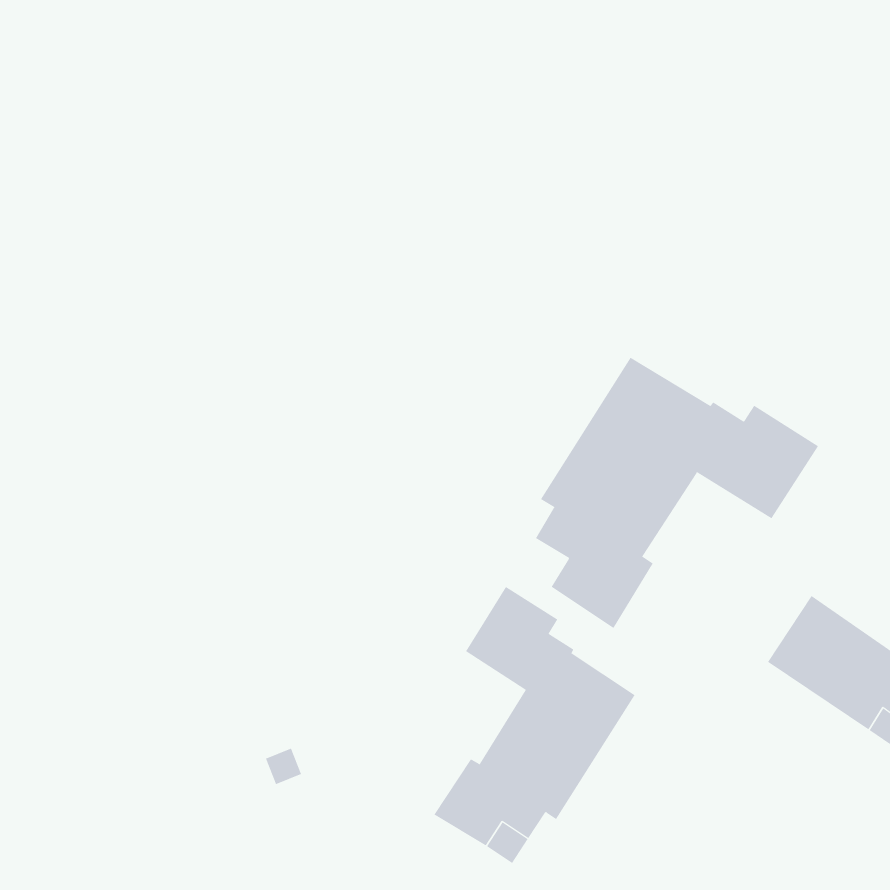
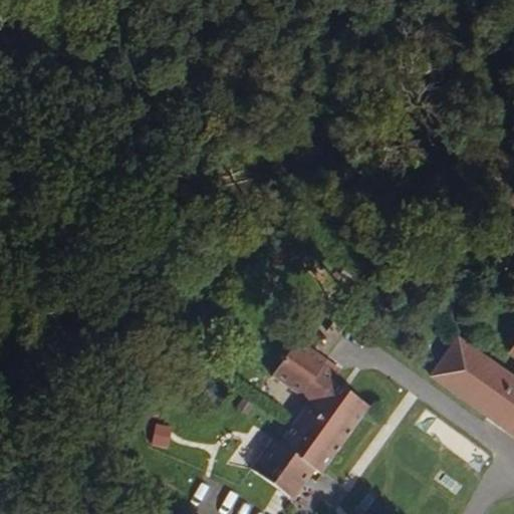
building: [535,357,819,629] -> none

